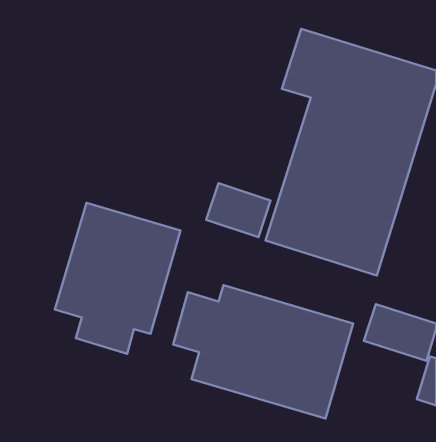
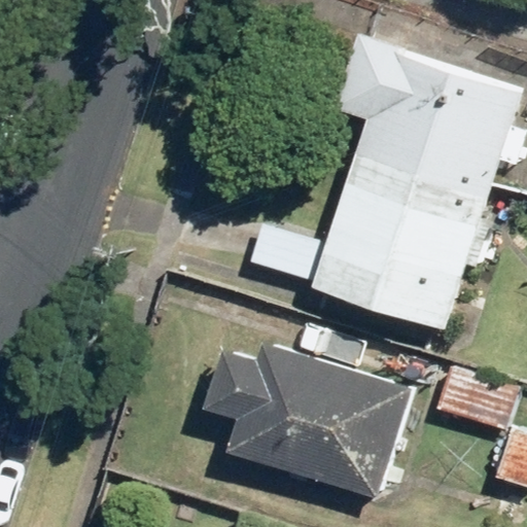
building: [55,203,181,354] -> none

